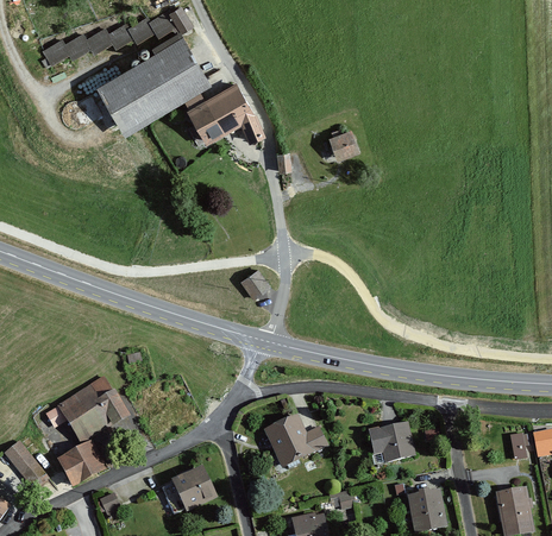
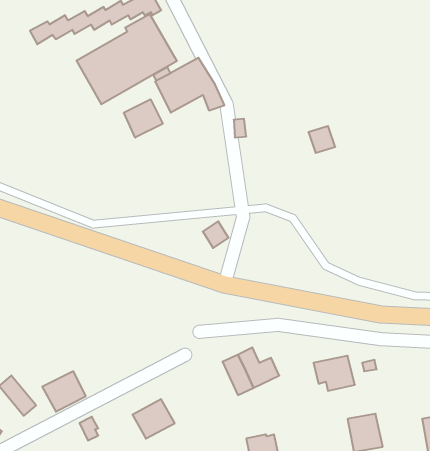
building: [328,127,359,158] -> [308,126,335,153]
building: none -> [124,99,163,138]
building: [45,376,130,443] -> none

